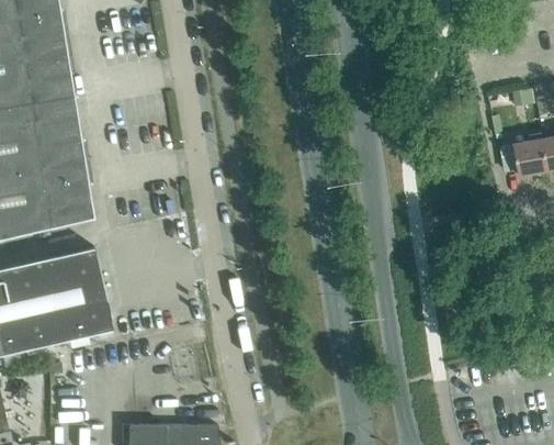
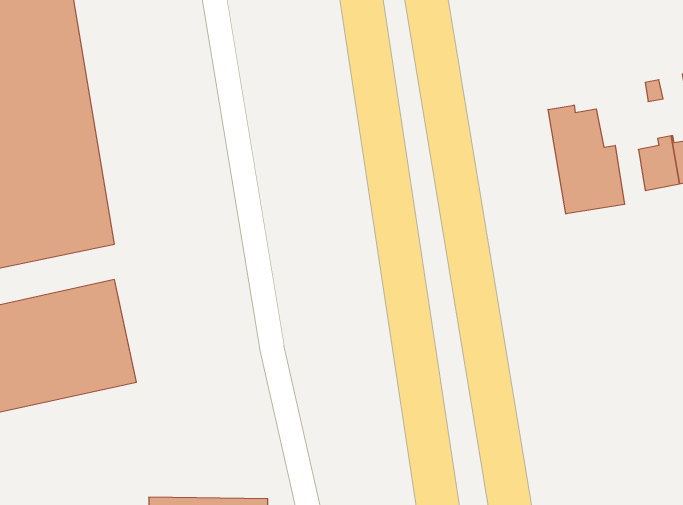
building: none -> [548,105,624,214]

